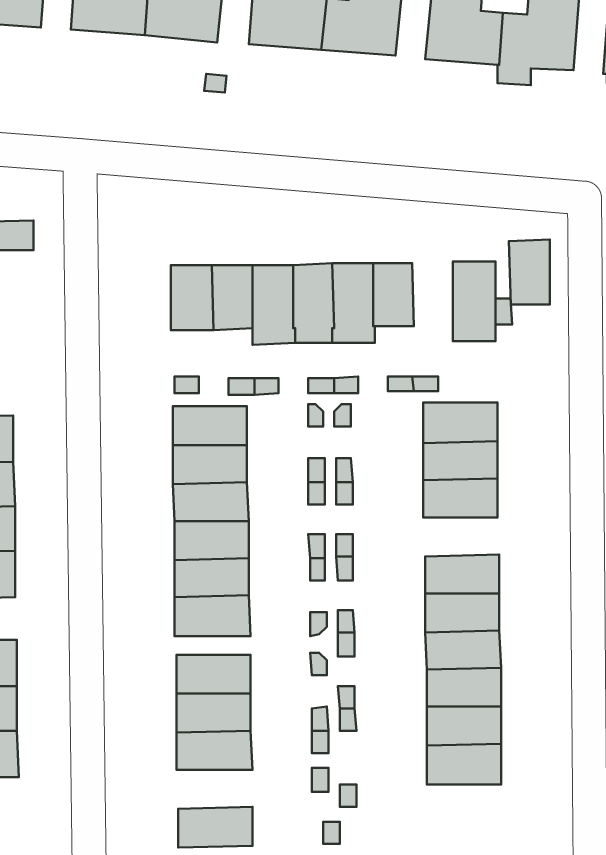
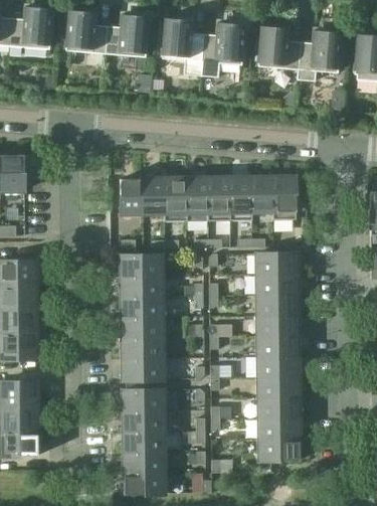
building: [509,239,550,304] -> [250,176,272,211]
building: none -> [256,315,298,336]
building: none -> [123,452,164,473]

